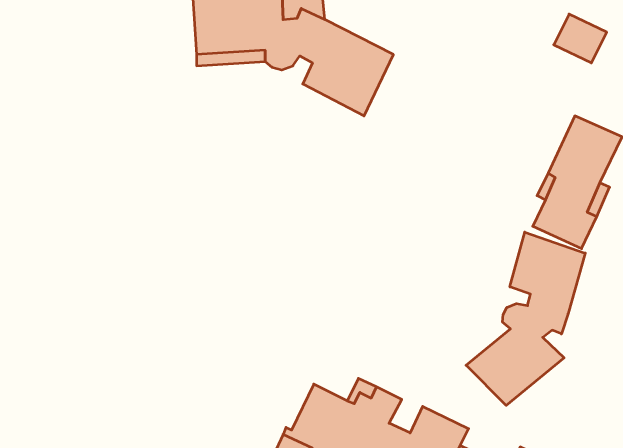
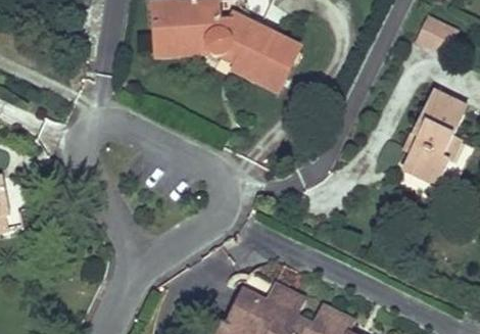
building: [466,232,585,405] -> none

